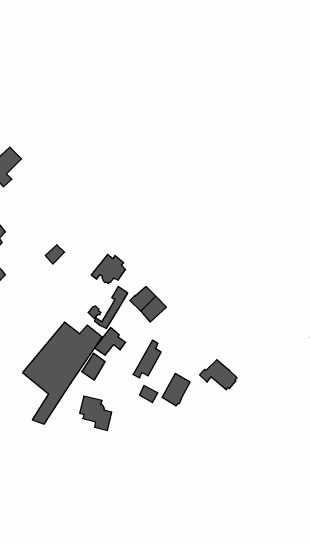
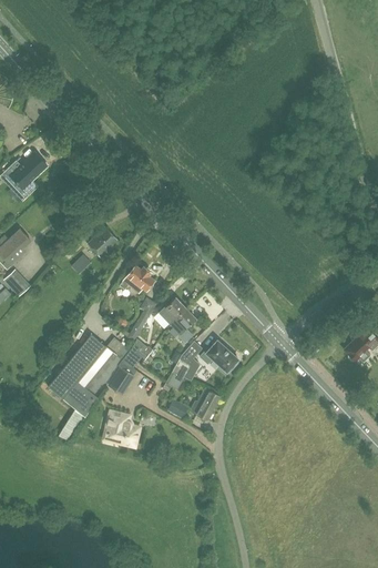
building: none -> [86,226,119,258]
building: [200,360,237,390] -> [200,341,238,372]

